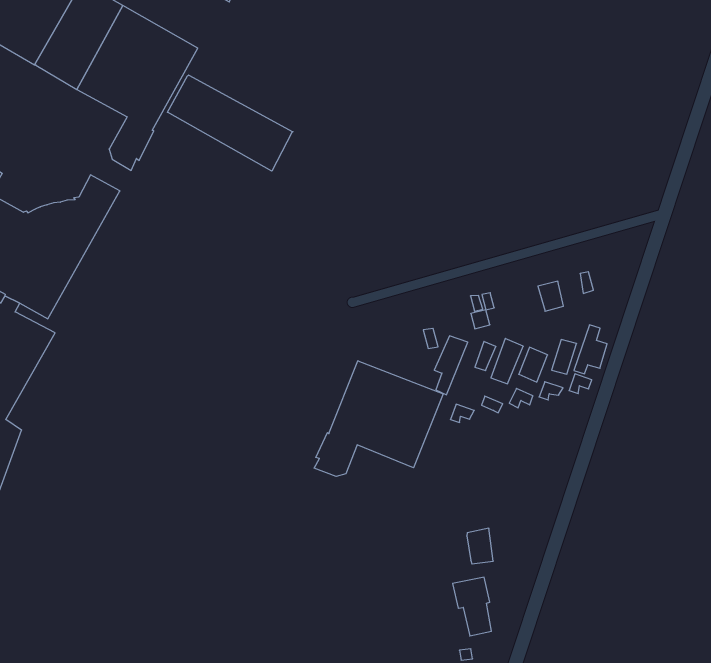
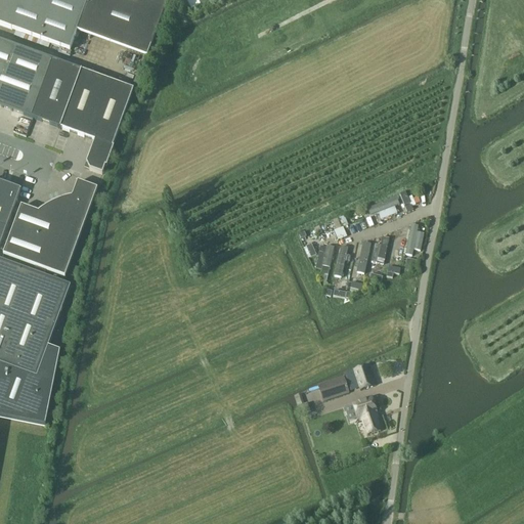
building: [167,75,293,171] -> none
building: [314,361,443,476] -> none
building: none -> [317,374,347,396]

